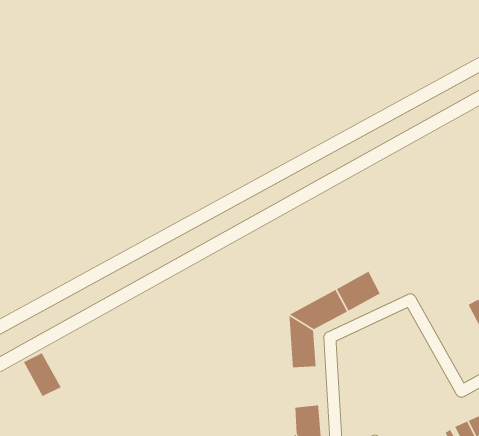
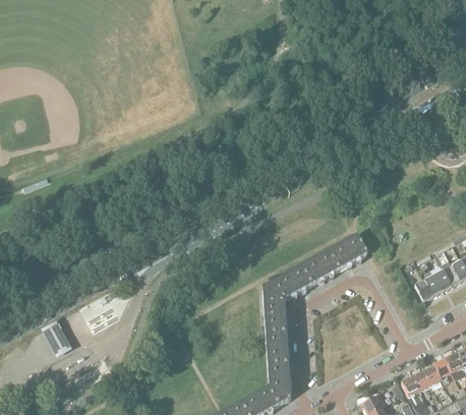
building: none -> [330,235,367,269]
building: none -> [266,330,288,363]

